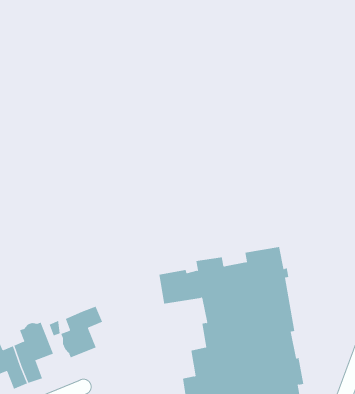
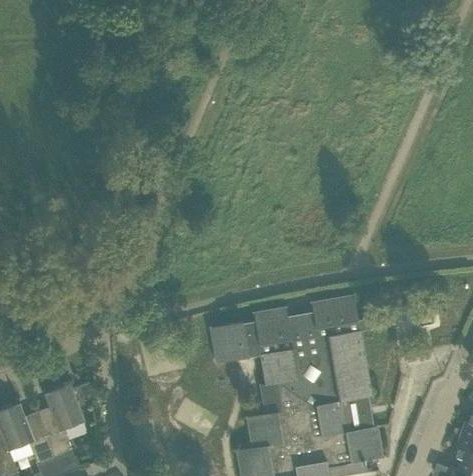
building: [61,306,103,358] -> none

